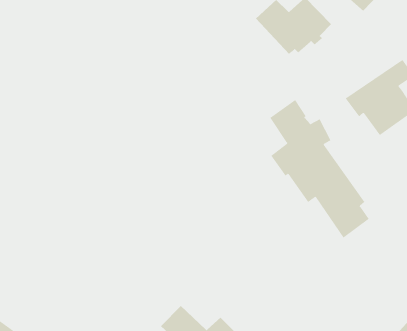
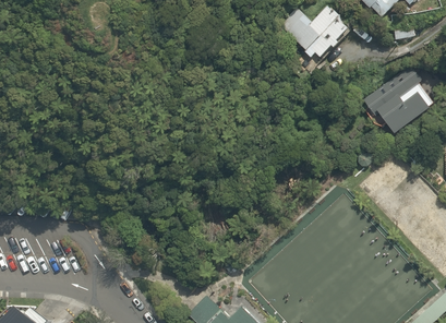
building: [269,99,370,239] -> none

